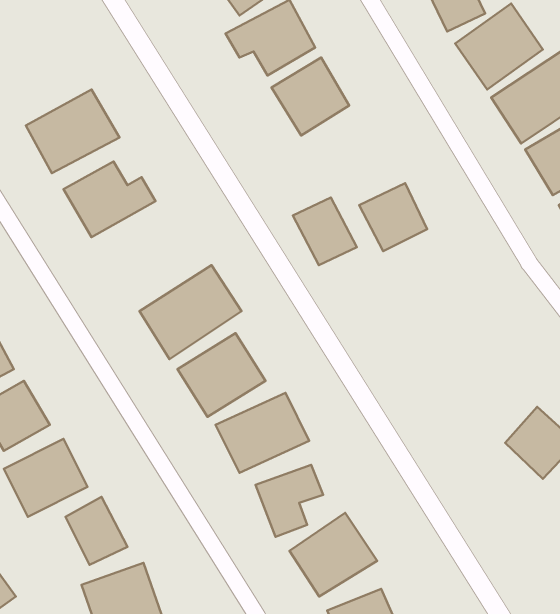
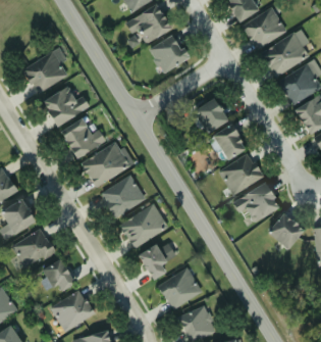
building: [293,197,357,265] -> [214,125,247,159]
building: none -> [62,119,106,157]
building: none -> [219,153,264,195]
building: none -> [233,182,280,223]

